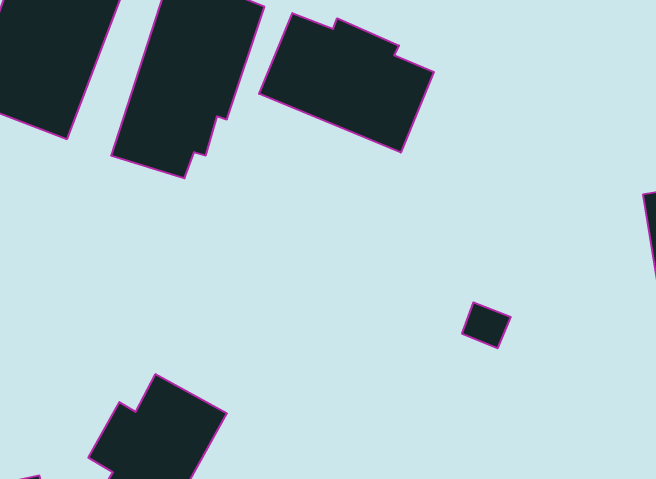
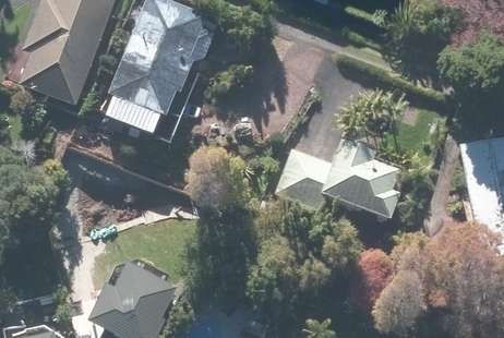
building: [259,13,434,153] -> none
building: none -> [273,144,405,225]

